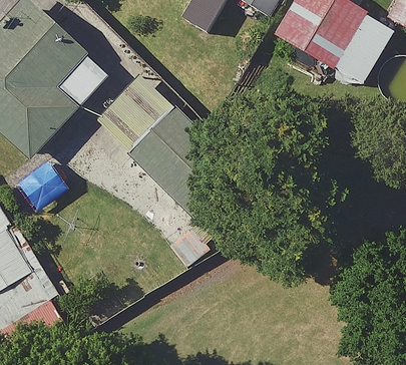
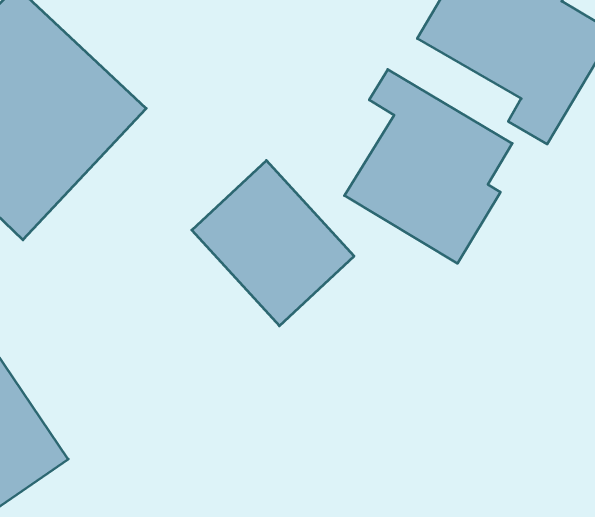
building: none -> [344,69,512,263]

